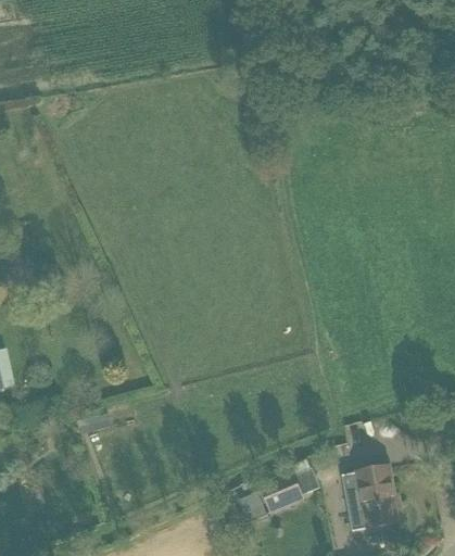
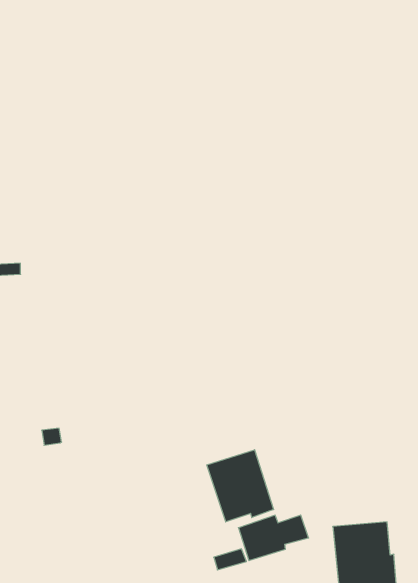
building: none -> [207,450,274,522]

